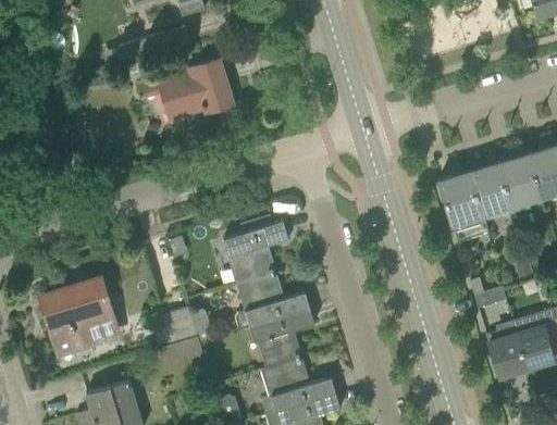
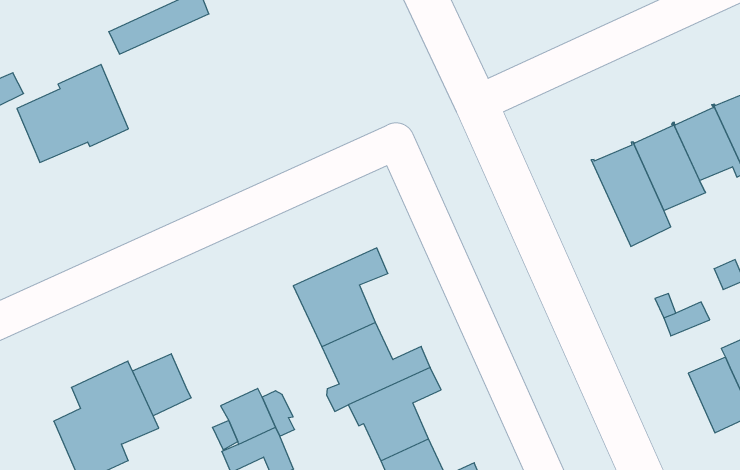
building: [158,59,233,121] -> [17,64,128,162]
building: none -> [133,354,191,416]

